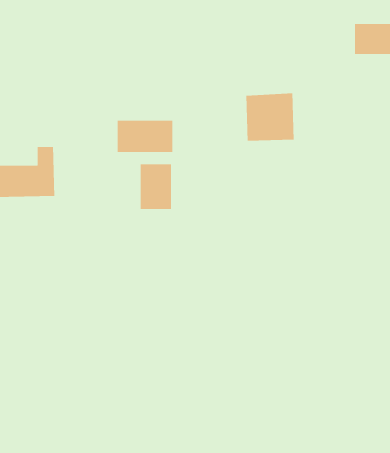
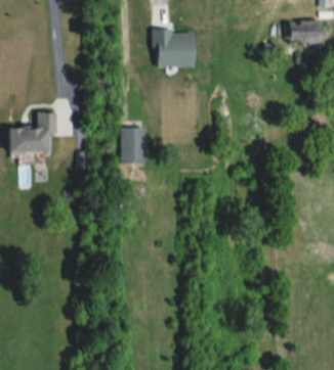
building: [245,93,294,142] -> [156,30,194,67]
building: [117,120,173,153] -> none

